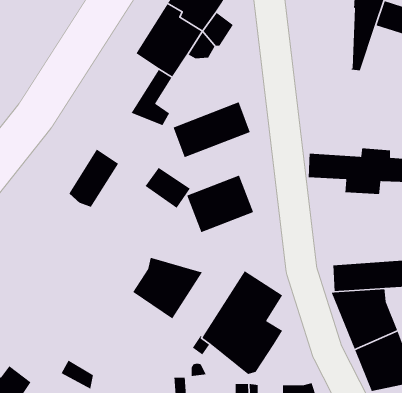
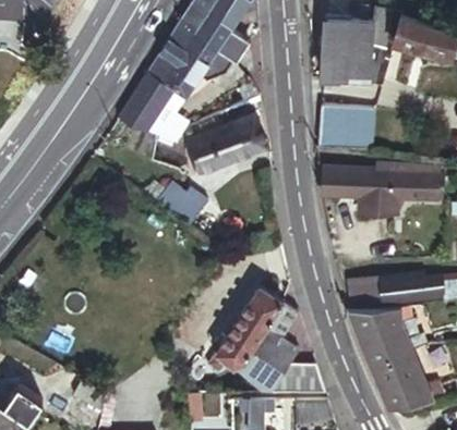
building: none -> [321,22,370,83]
building: none -> [318,109,376,147]
building: [69,149,119,208] -> [120,69,171,128]
building: [186,175,254,233] -> none
building: [132,257,203,320] -> none
building: none -> [268,361,325,395]

